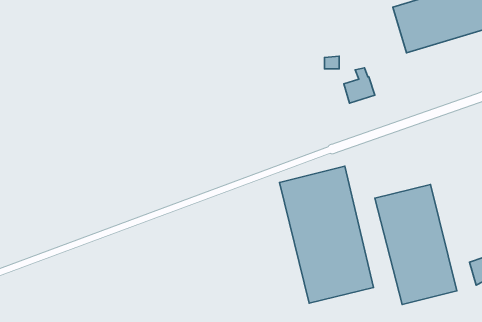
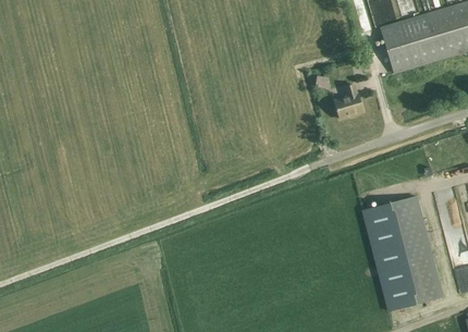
building: [279,166,373,303] -> none

